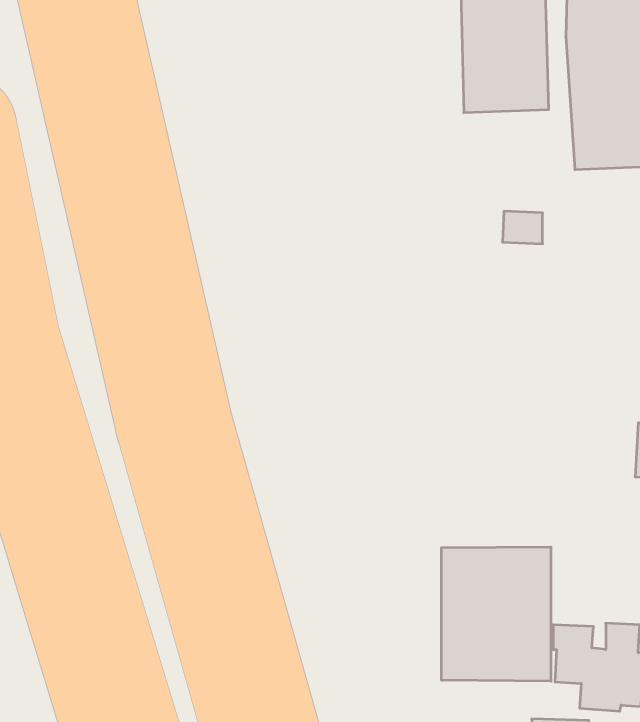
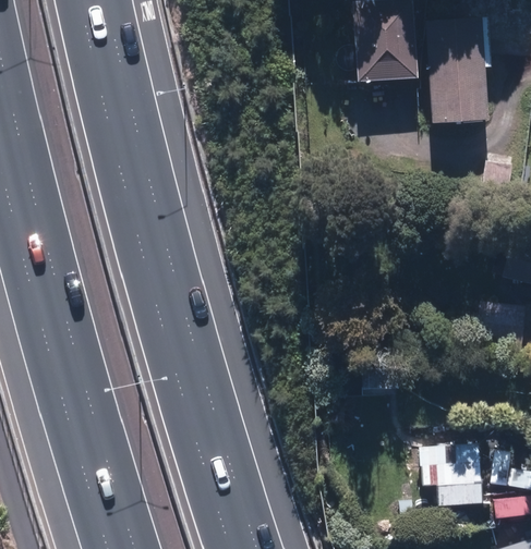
building: [442,547,551,681] -> none

